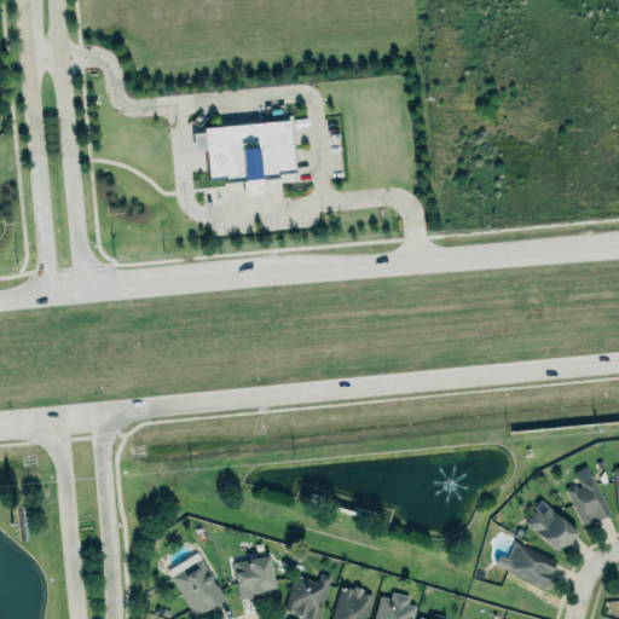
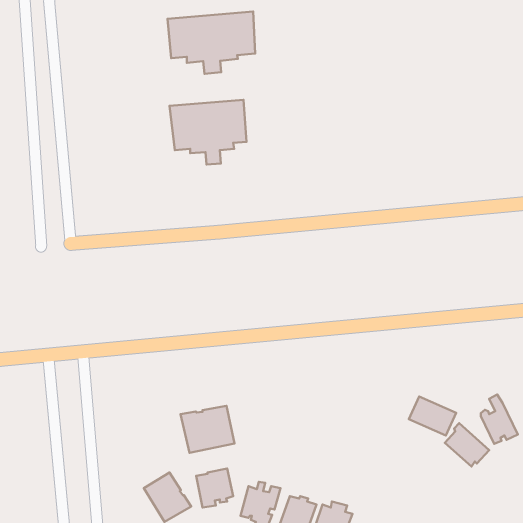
building: none -> [168,12,255,74]
building: none -> [181,406,234,453]
building: [503,543,559,589] -> [409,397,456,436]

